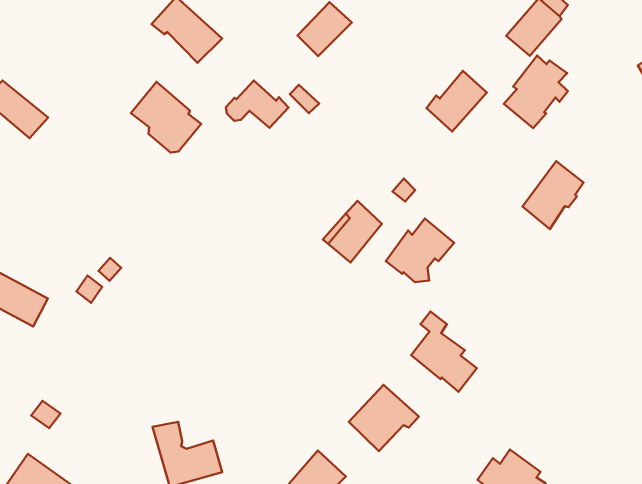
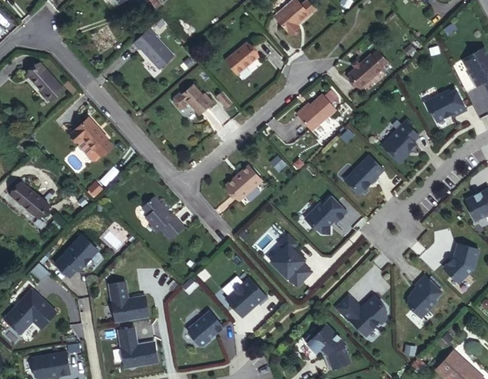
building: [504,55,568,128] -> [382,119,423,163]
building: [131,82,201,152] -> [72,113,114,157]
building: [386,219,454,282] -> [307,193,350,231]
building: none -> [140,192,183,236]
building: none -> [50,237,95,281]
building: none -> [340,296,391,338]

